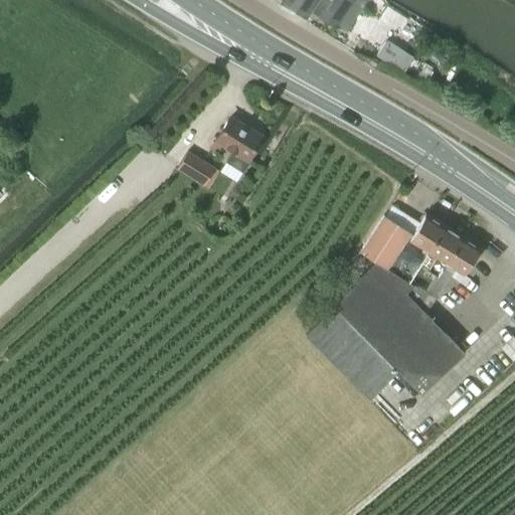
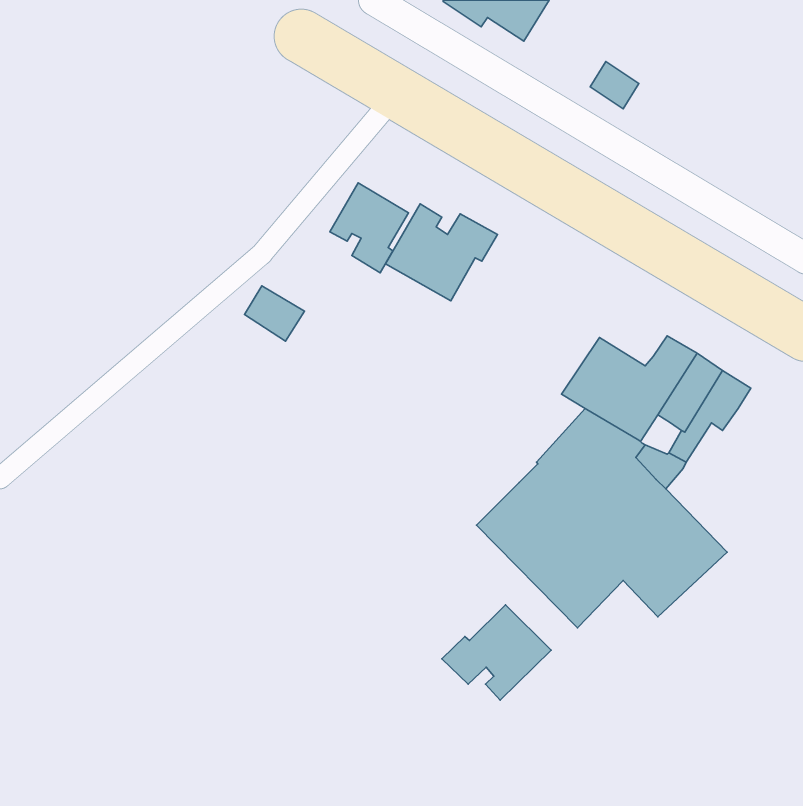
building: none -> [385,204,498,301]
building: [178,151,216,186] -> [245,286,305,341]
building: none -> [442,605,551,700]

